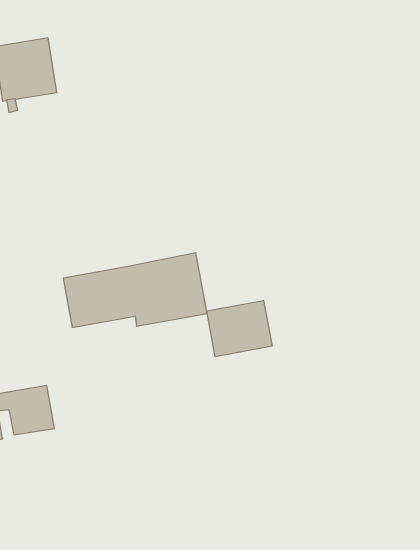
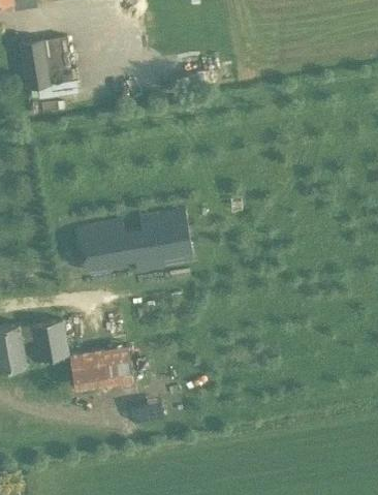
building: [207,300,272,357] -> none
building: none -> [68,347,133,390]

